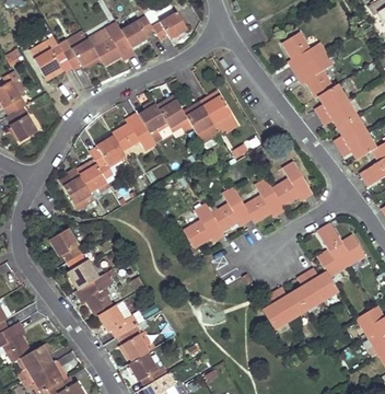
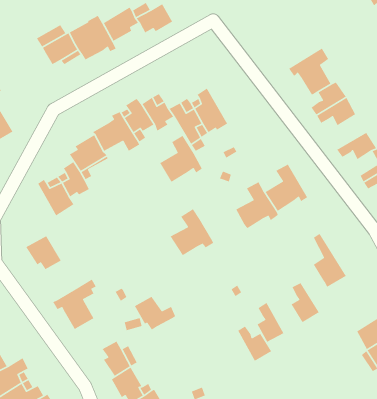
building: [282,33,326,73] -> none
building: [34,45,68,77] -> none
building: [335,116,368,149] -> none
building: [212,187,253,232] -> [159,135,203,183]
building: [324,222,365,267] -> none
building: [68,253,97,289] -> none
building: [306,267,339,301] -> none
building: [275,287,307,321] -> [237,326,272,362]
building: [98,305,138,338] -> [134,295,176,331]

